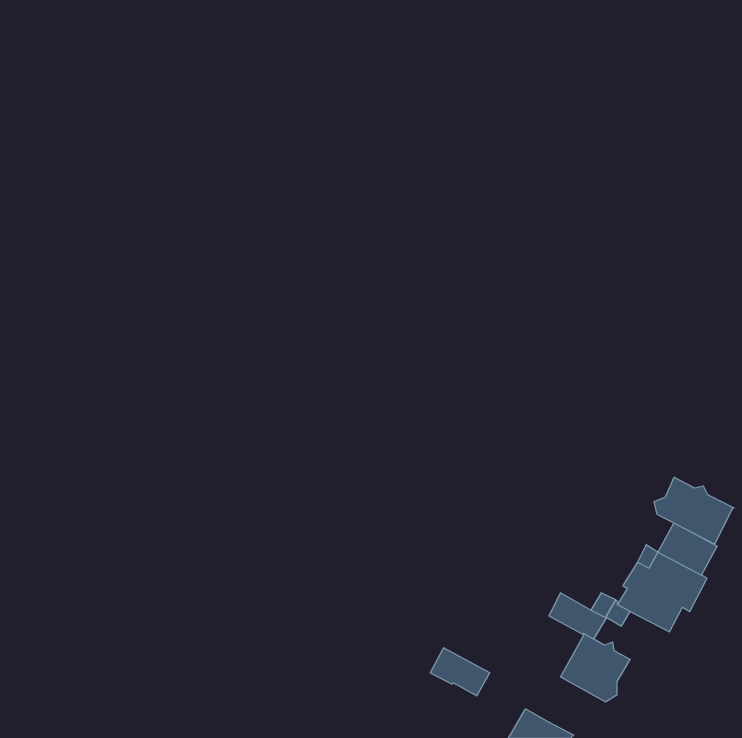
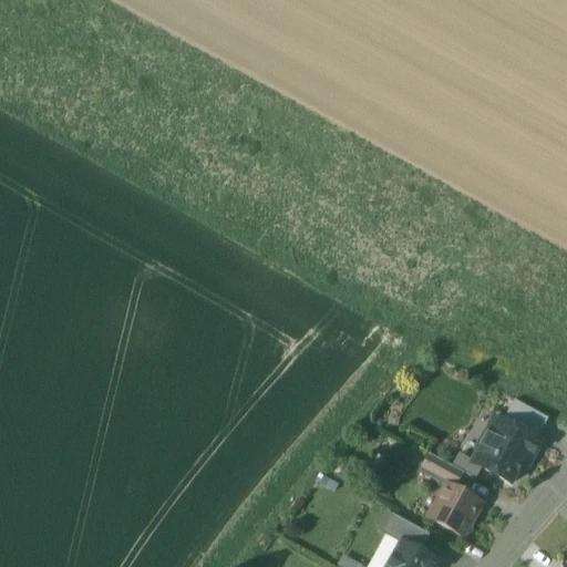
building: [654,477,734,544] -> none
building: [430,648,490,696] -> [383,514,429,550]

